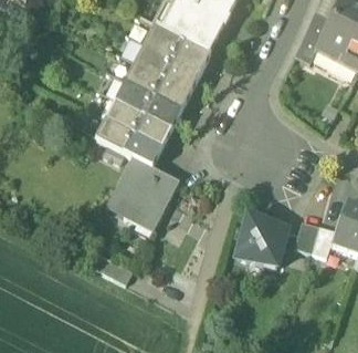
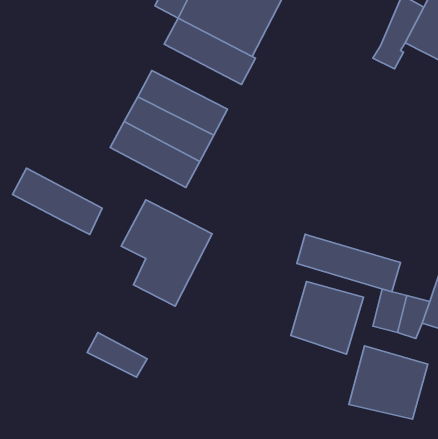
building: [137,43,201,90] -> none
building: [97,117,161,165] -> [13,168,102,234]
building: none -> [297,234,400,292]
building: none -> [349,346,428,419]

